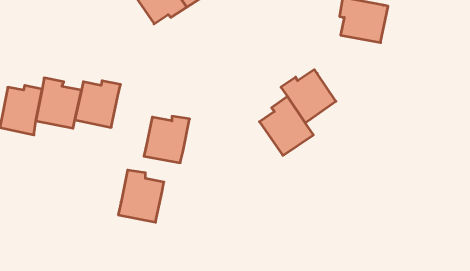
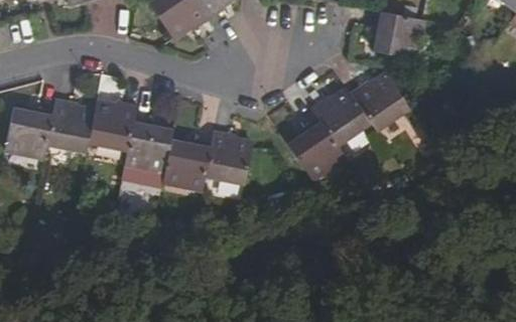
building: none -> [350,74,409,132]
building: none -> [205,131,254,184]
building: [118,170,164,222] -> [124,117,173,173]

